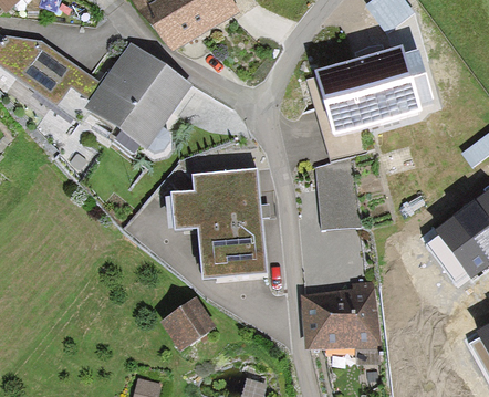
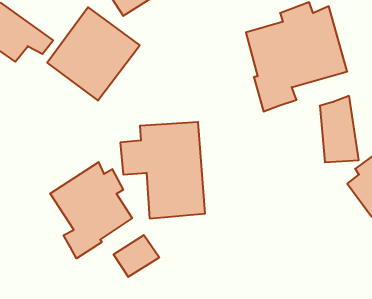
building: [316,155,361,230] -> [320,96,359,162]
building: none -> [50,162,132,258]
building: [304,282,381,352] -> none

